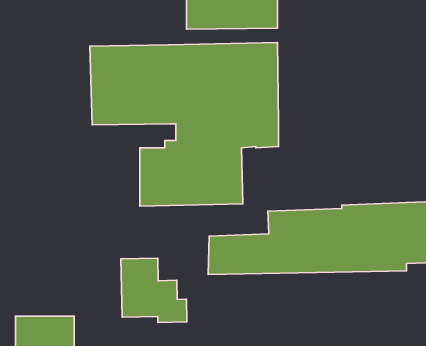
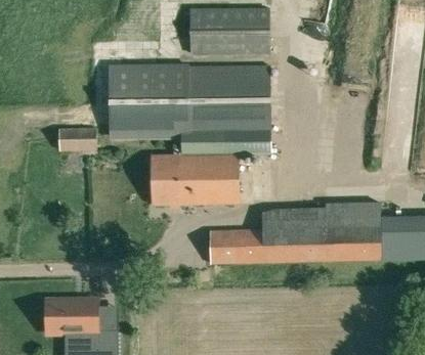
building: none -> [59,128,96,151]
building: [121,258,187,322] -> none

